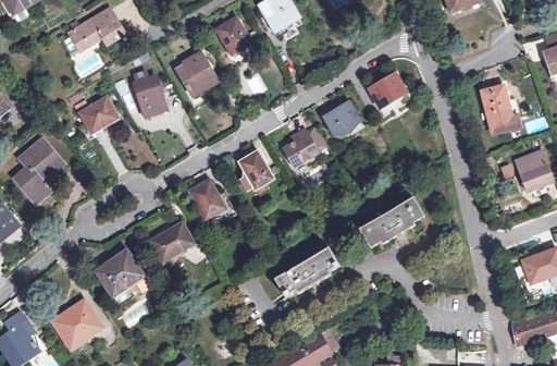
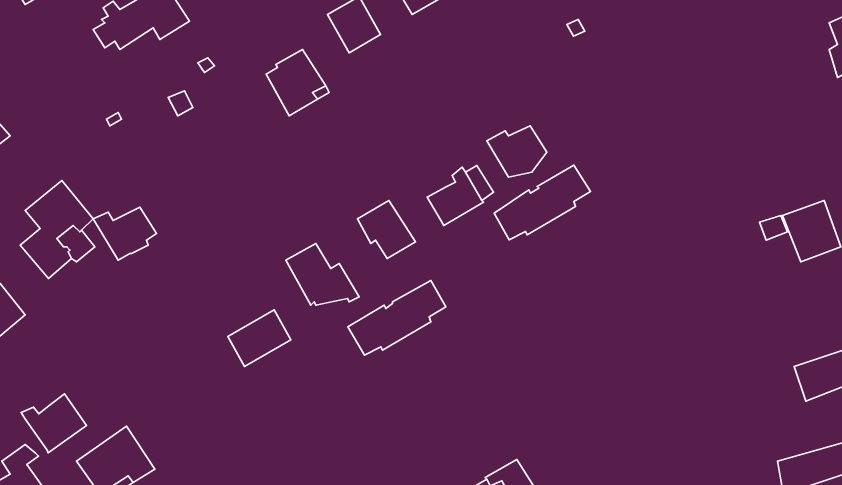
building: [134,70,164,115] -> none
building: [369,72,406,105] -> none
building: [482,84,522,132] -> none
building: [75,97,116,132] -> [93,207,156,260]
building: [361,197,424,246] -> [494,165,590,240]
building: [275,247,339,296] -> [348,280,446,355]
building: [97,249,151,294] -> none
building: none -> [21,394,87,453]

